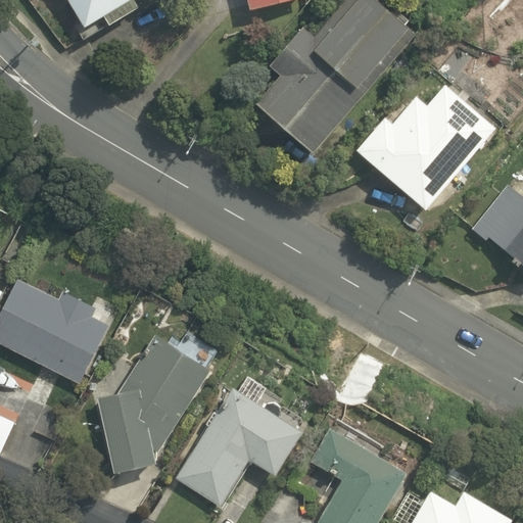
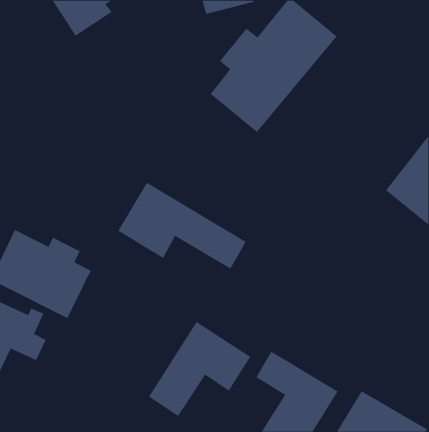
building: [351,65,491,216] -> none
building: none -> [118,182,246,269]
building: [98,337,207,474] -> none

